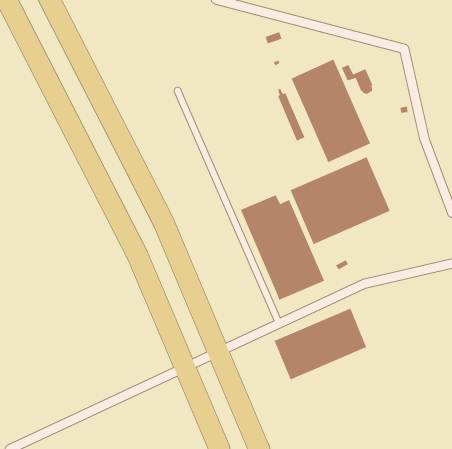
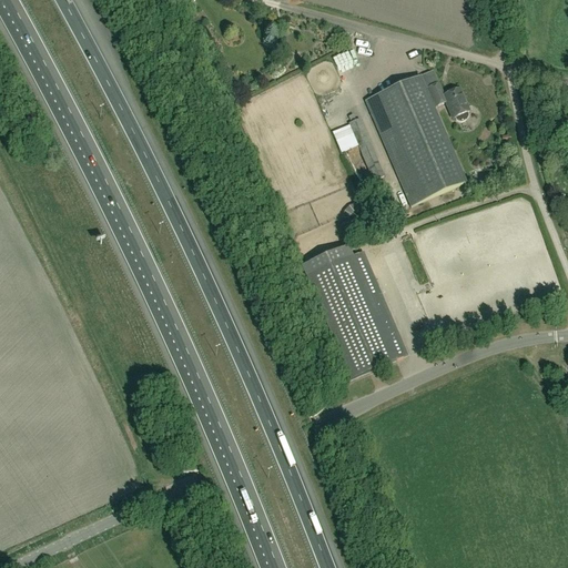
building: [290,156,391,245] -> none
building: [273,308,367,380] -> none

